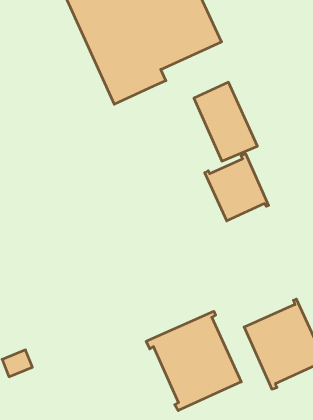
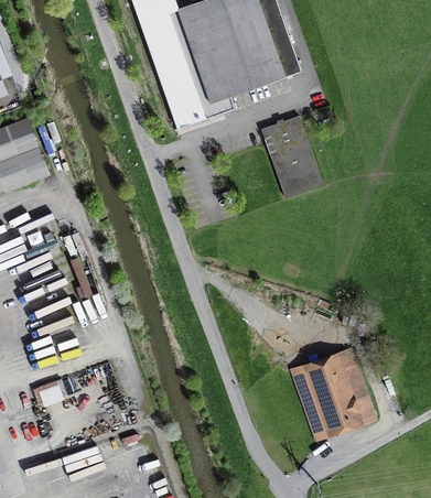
building: [205,154,269,221] -> none
building: [146,311,241,411] -> none

